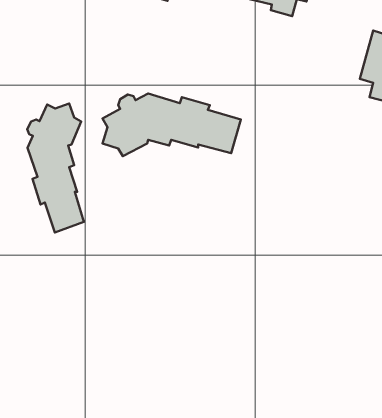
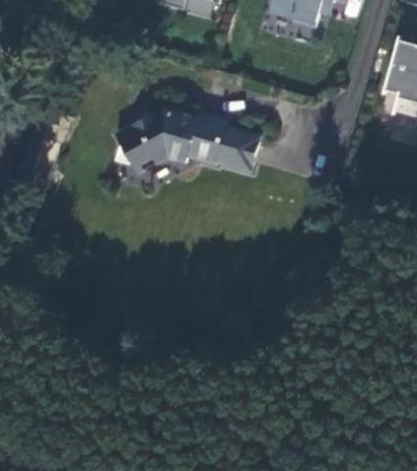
building: [27,103,84,232] -> none

